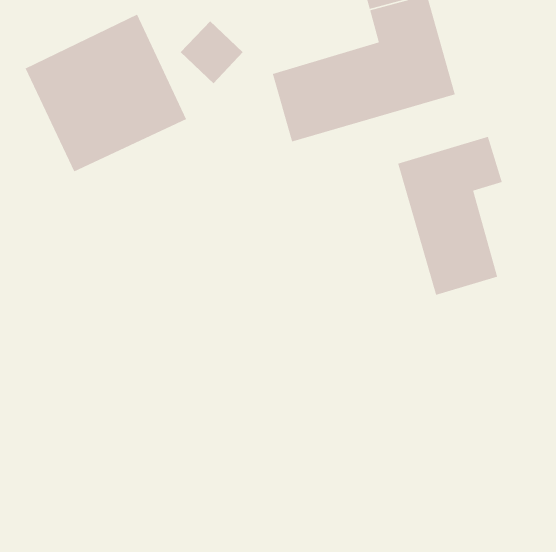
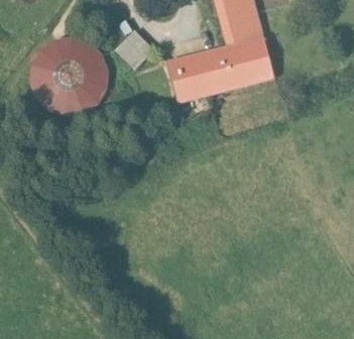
building: [397,136,503,296] -> none

